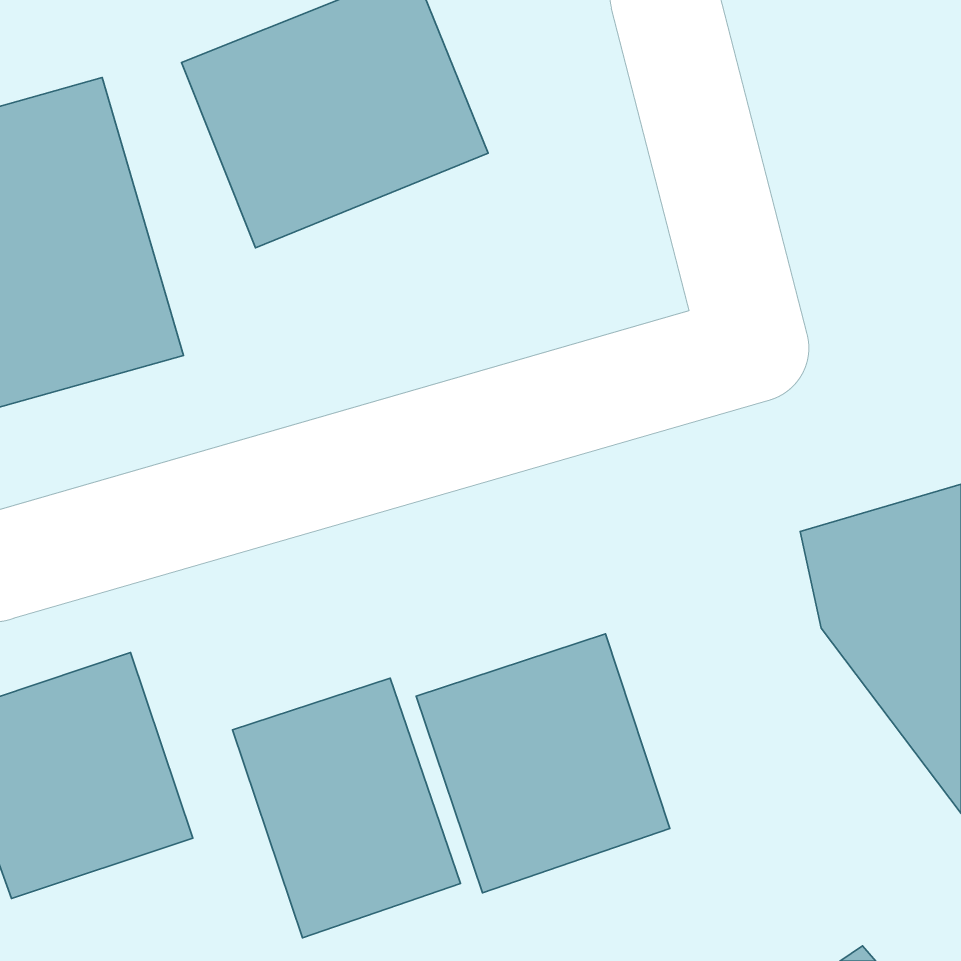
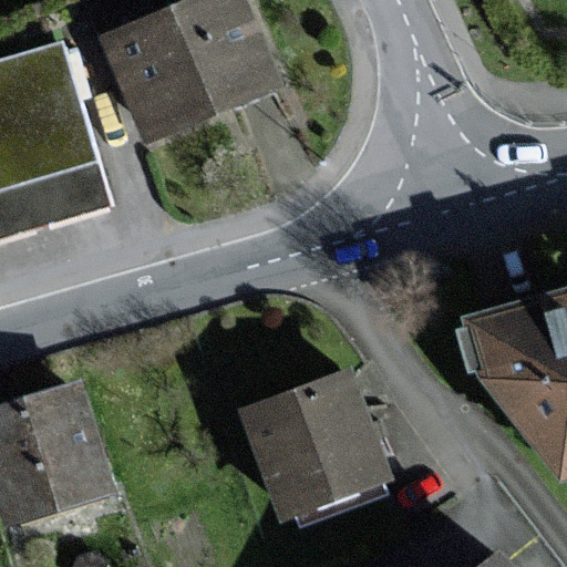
building: [232,678,460,938] -> none

